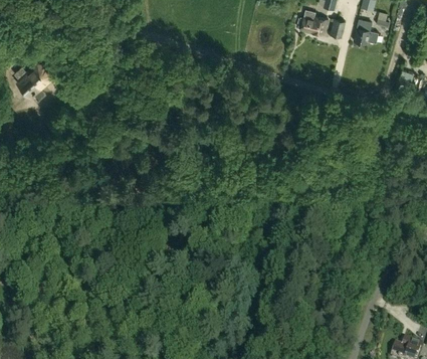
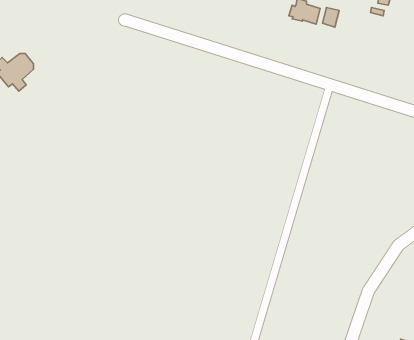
building: [354,19,379,43] -> none

